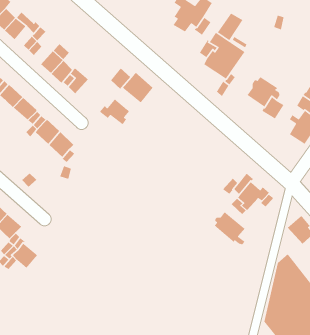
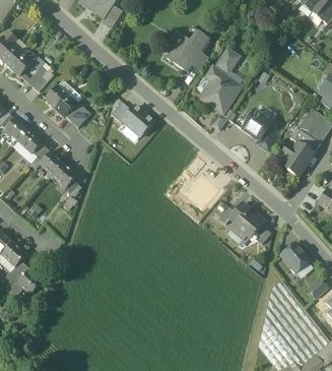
building: [99,98,130,125] -> none
building: [214,211,246,245] -> none

